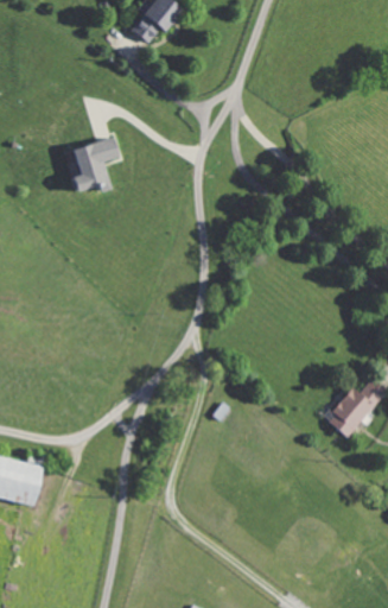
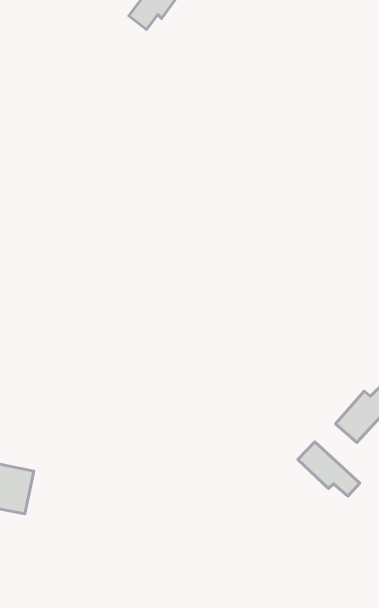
building: [69,135,117,191] -> none
building: none -> [298,442,360,496]

